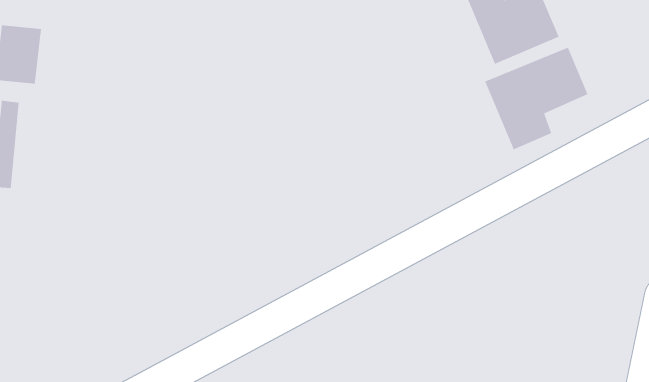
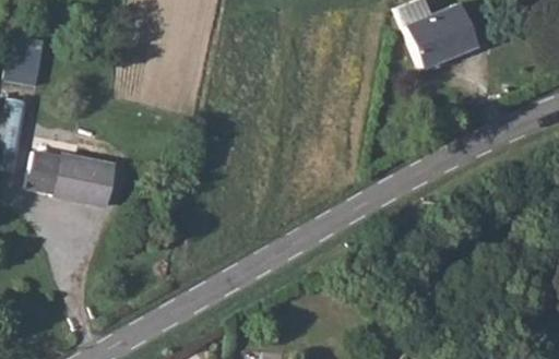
building: [485,47,588,150] -> none
building: none -> [27,153,115,205]

